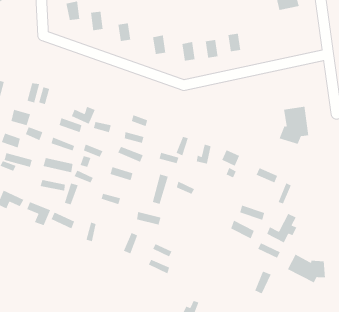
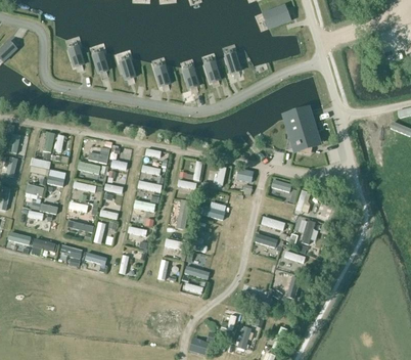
building: [287,253,326,284] -> none

